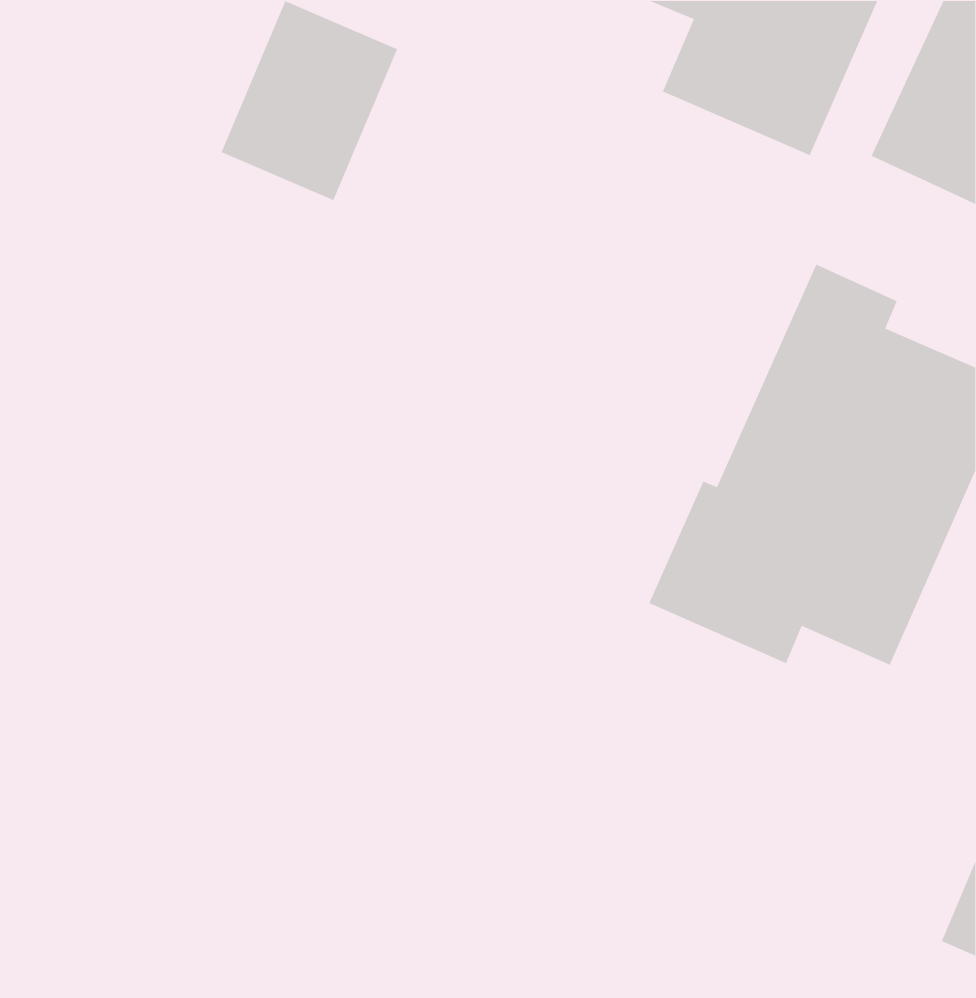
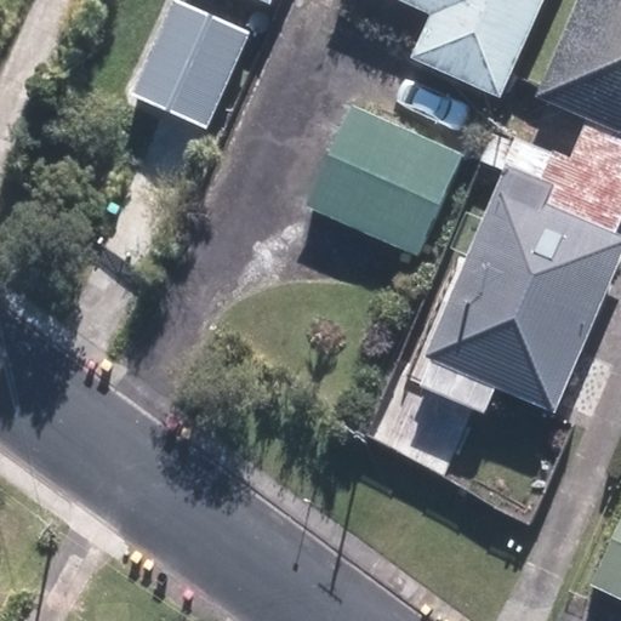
building: none -> [303,104,465,255]

